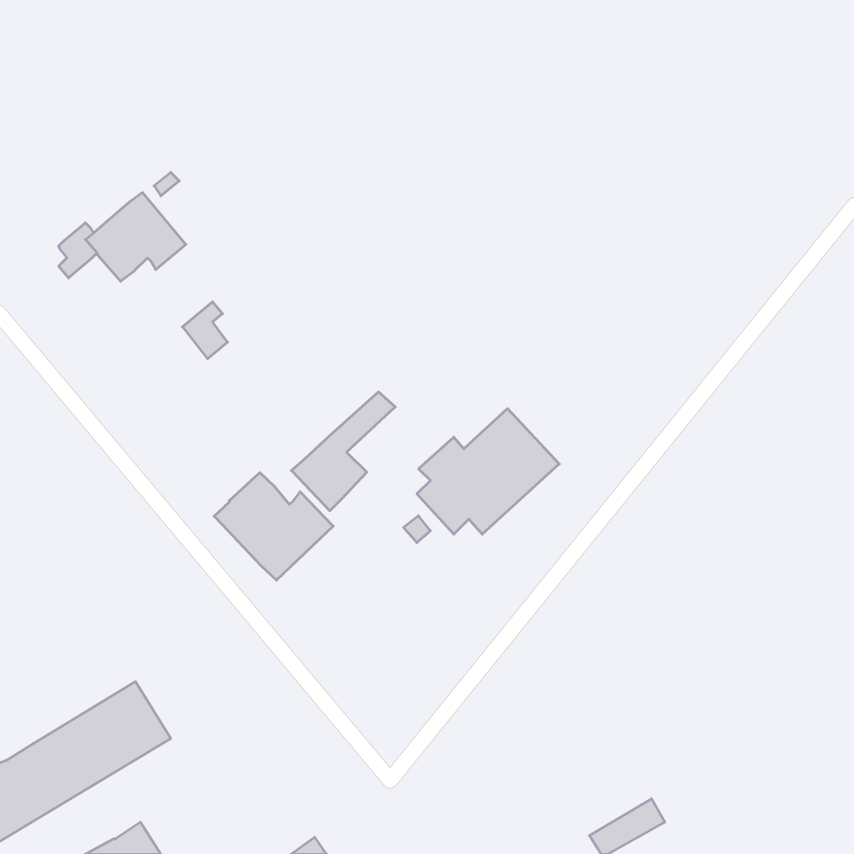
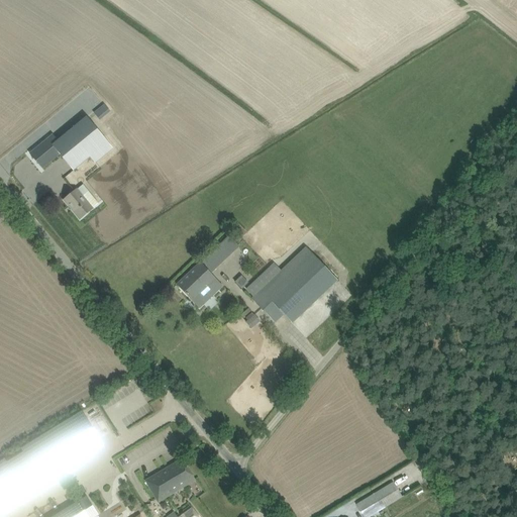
building: [182,302,228,359] -> [64,184,91,218]
building: [214,473,333,580] -> none
building: none -> [145,458,194,501]

